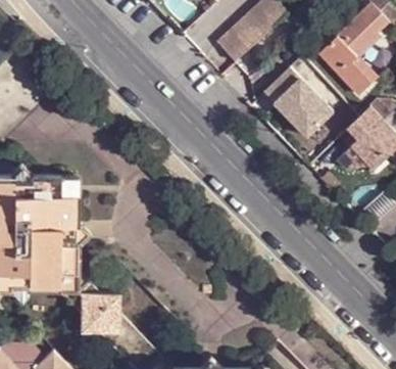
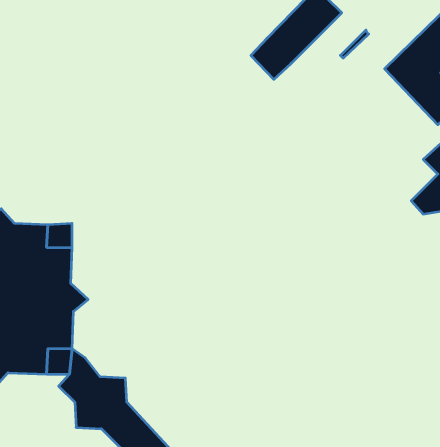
building: [263,66,331,136] -> none

